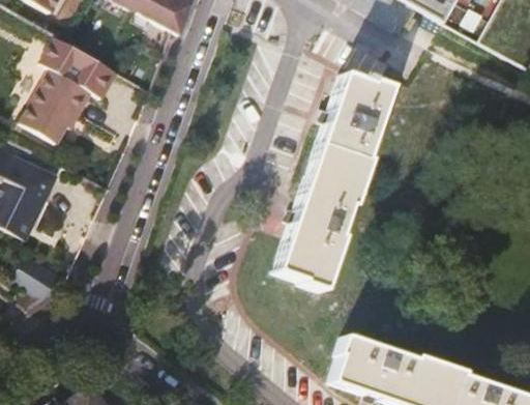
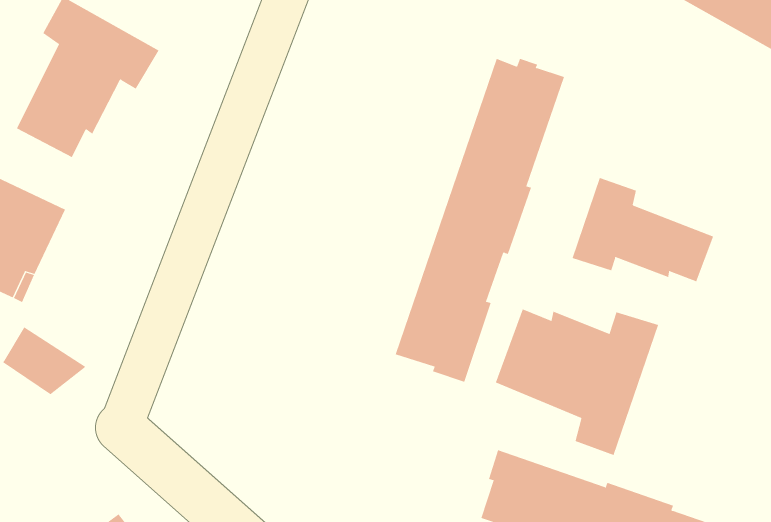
building: none -> [572,177,714,282]
building: none -> [495,308,659,456]

